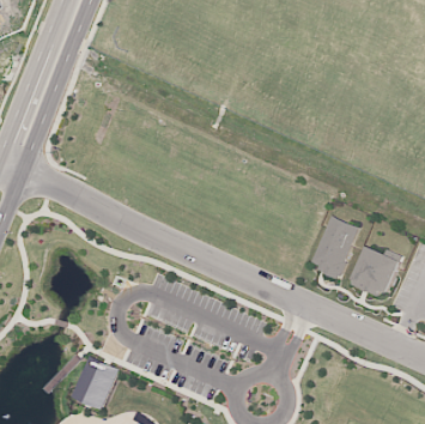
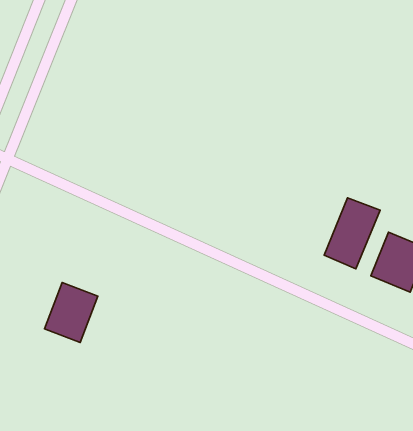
building: [71,357,117,410] -> [45,282,98,343]

